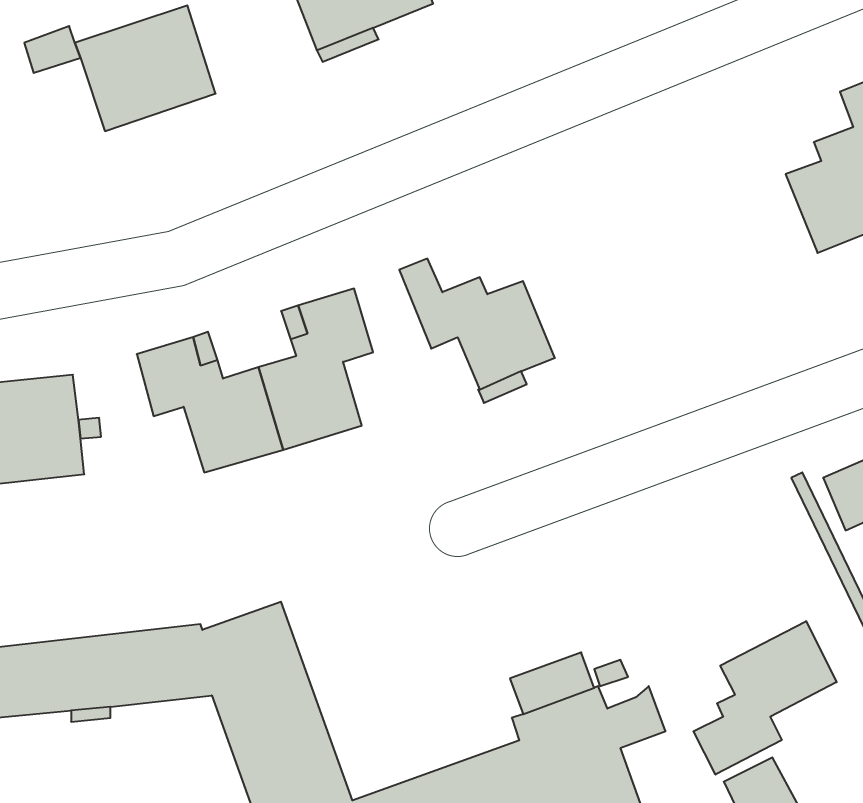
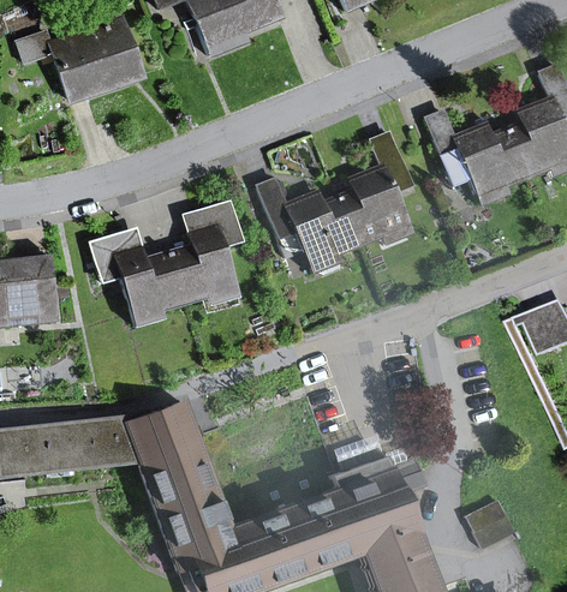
building: none -> [425,113,526,197]
building: none -> [338,136,411,245]
building: [693,621,837,775] -> none

